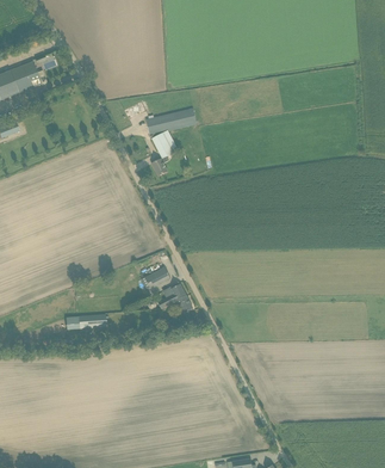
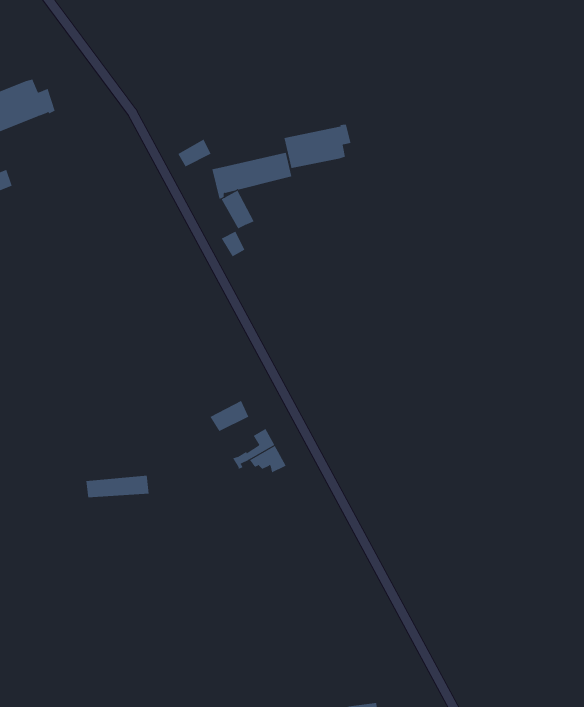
building: none -> [284,124,351,169]

